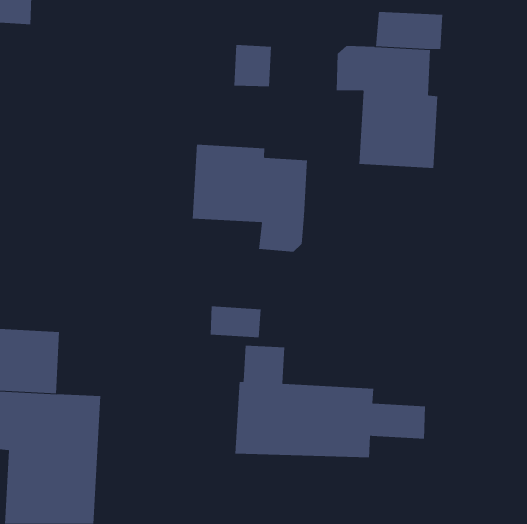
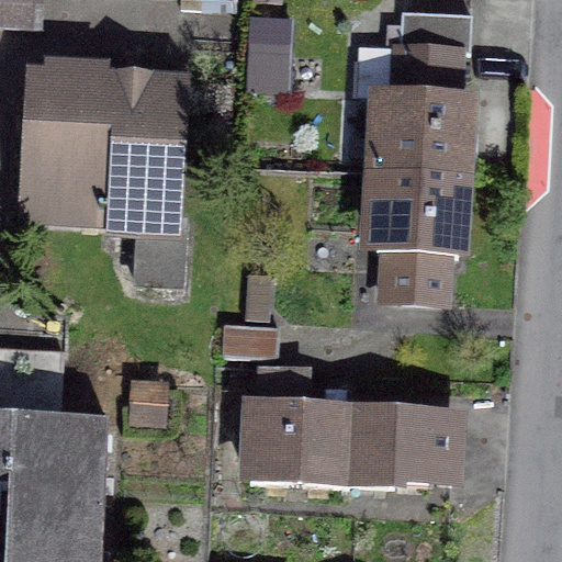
building: none -> [35,82,182,284]
building: [192,144,307,253] -> none
building: none -> [376,175,461,304]

